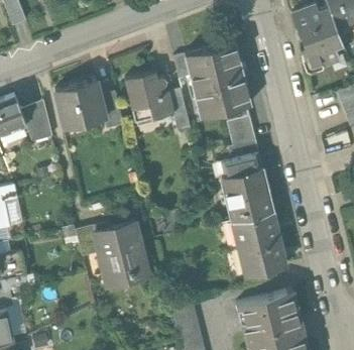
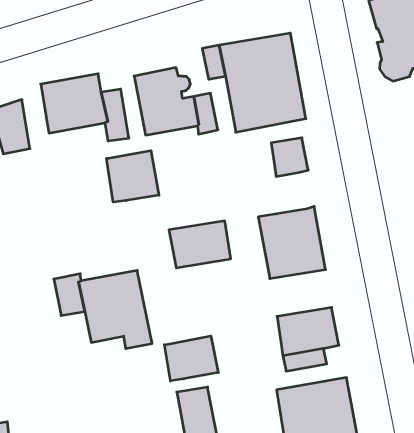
building: none -> [107,151,159,202]
building: [228,142,256,173] -> none
building: [232,212,278,248] -> [169,221,231,268]
building: none -> [164,336,218,381]

